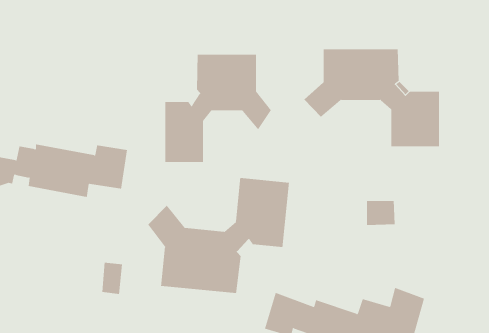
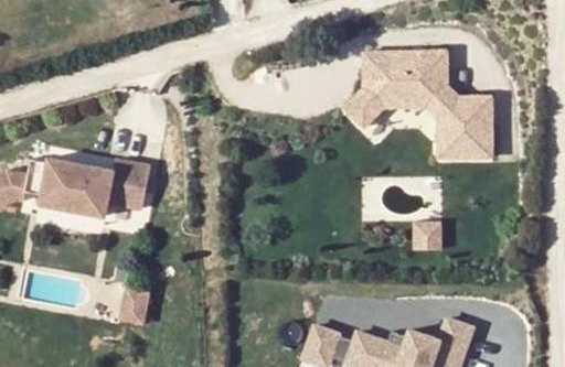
building: [165,54,272,163] -> none
building: [147,177,289,294] -> none

